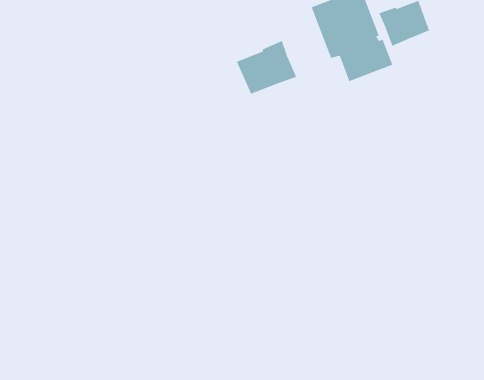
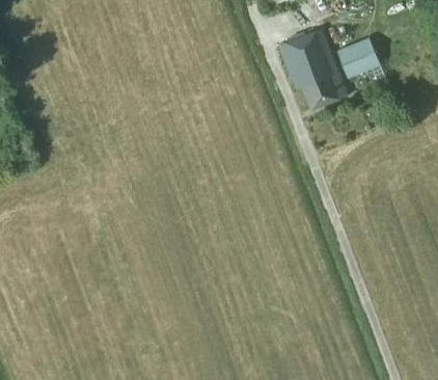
building: [236,40,297,95] -> none

